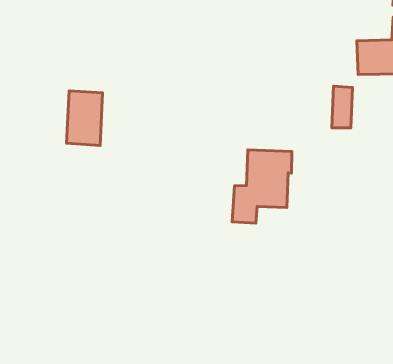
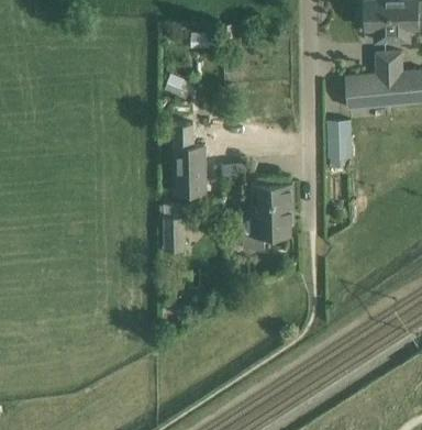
building: [67,91,102,145] -> [174,146,206,195]
building: none -> [163,218,185,251]

